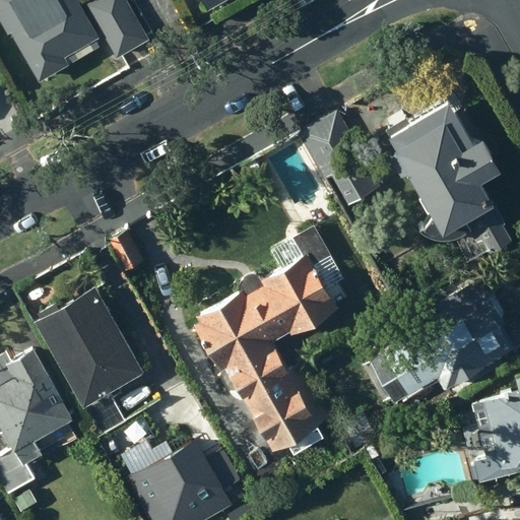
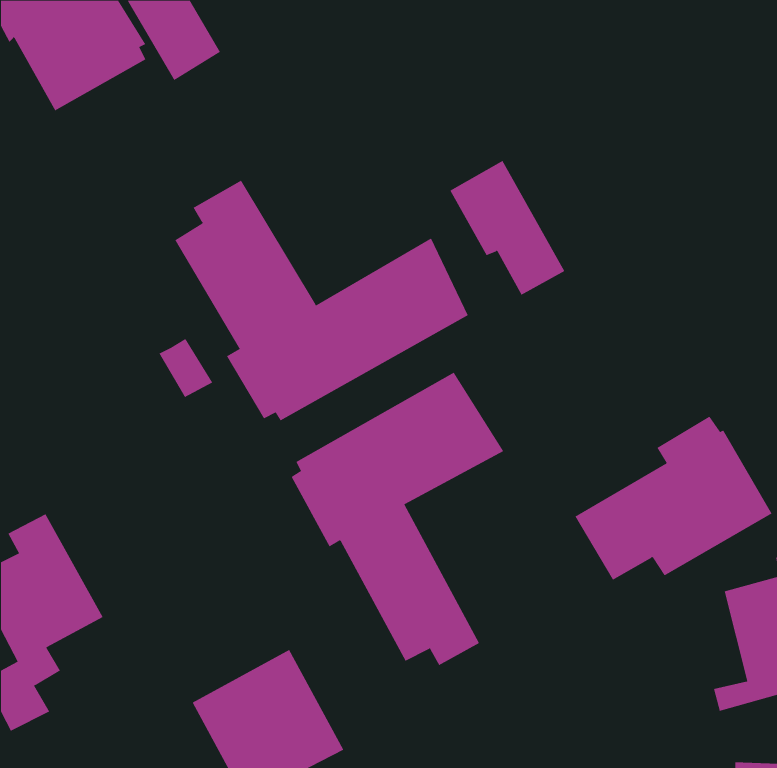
building: [386,113,508,248] -> none
building: none -> [174,180,469,421]
building: [34,288,142,406] -> none

